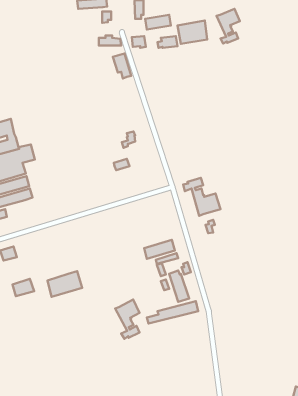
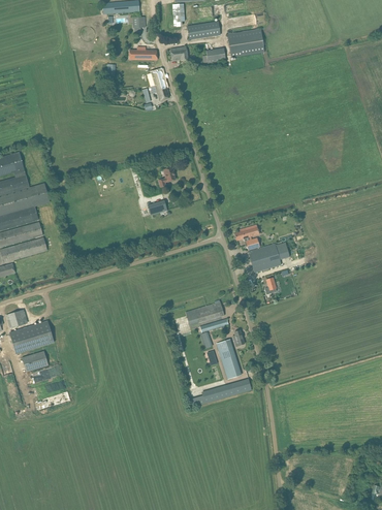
building: [216,9,240,44] -> none
building: [47,271,82,297] -> [10,321,54,353]
building: [115,300,140,339] -> none

